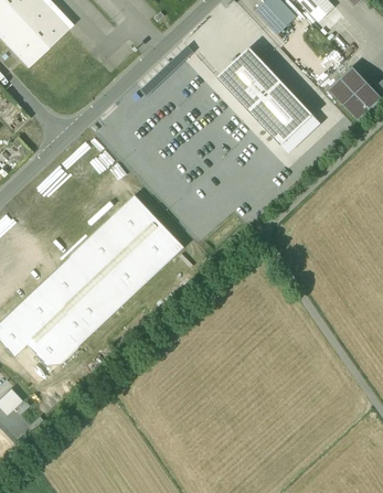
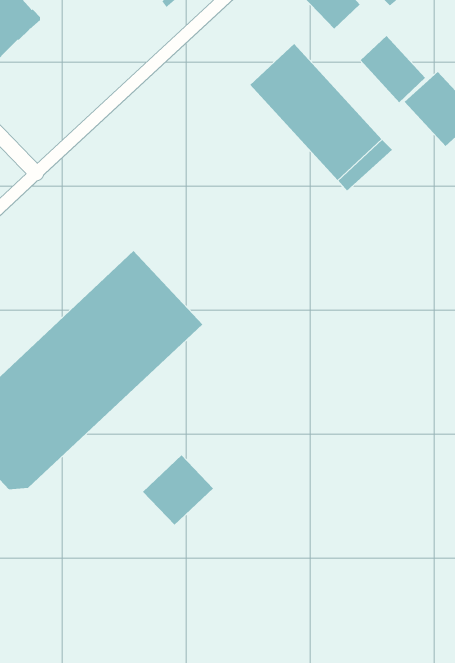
building: none -> [360,35,426,103]
building: none -> [142,455,214,525]

